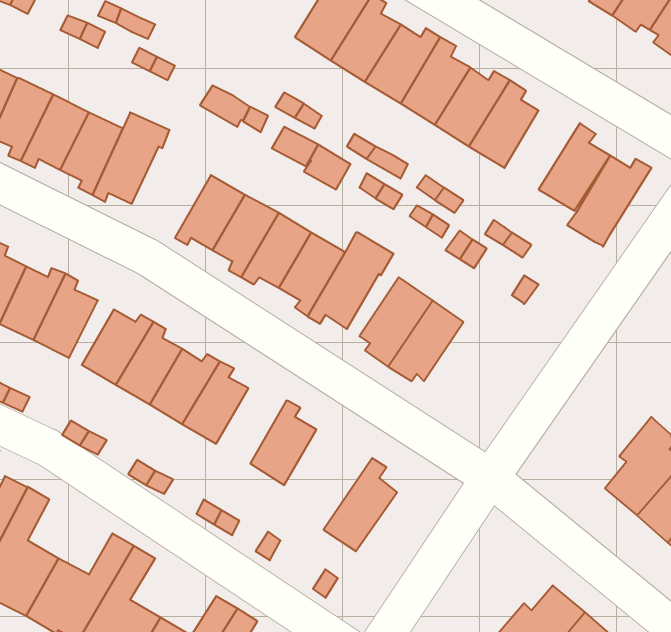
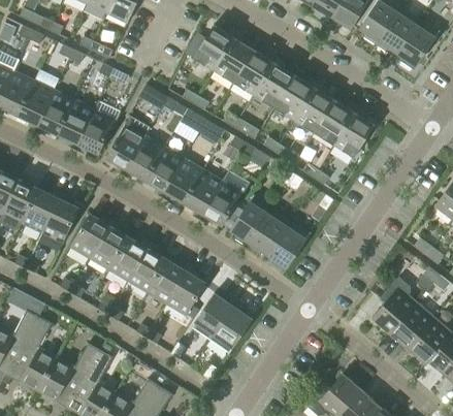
building: none -> [106,117,149,173]
building: [567,155,652,247] -> [309,100,357,153]
building: none -> [267,222,310,273]
building: none -> [148,260,188,303]
building: none -> [190,293,237,342]

